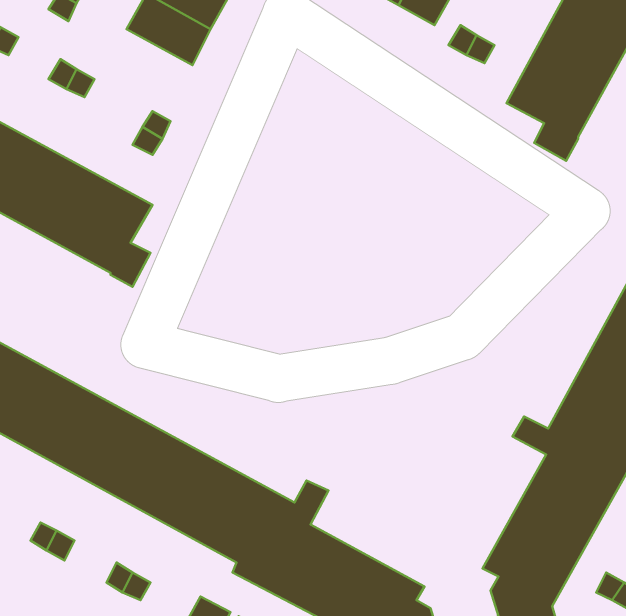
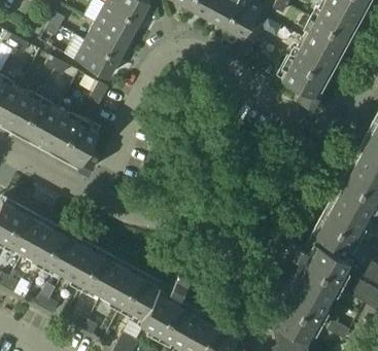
building: none -> [75,42,119,80]

